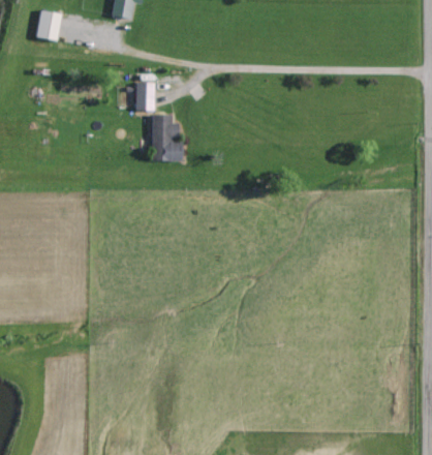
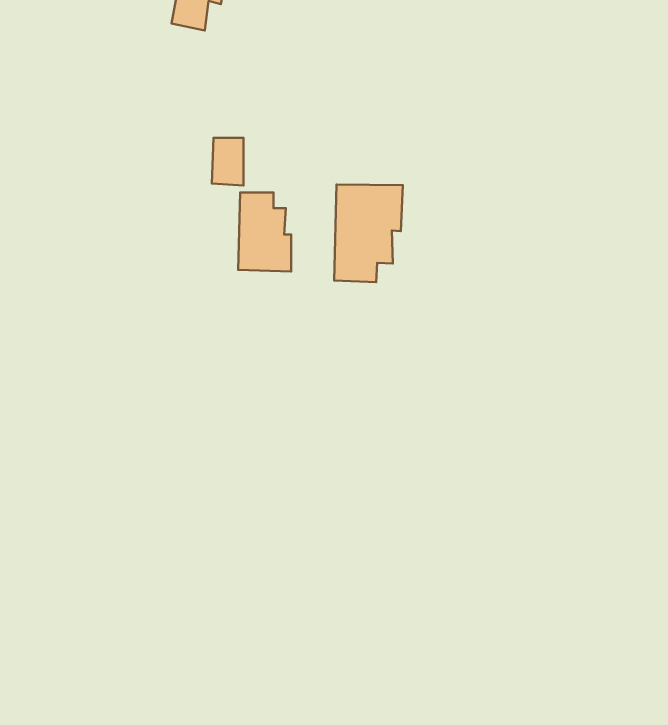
building: [36,10,62,40] -> none
building: none -> [334,184,403,282]

